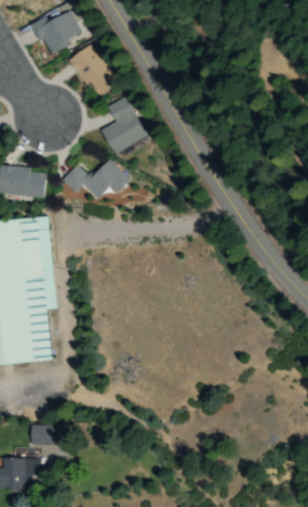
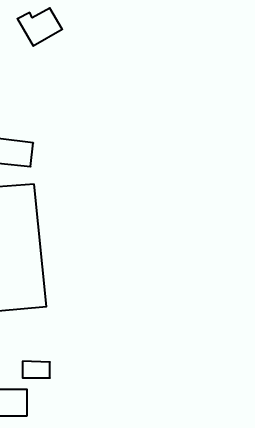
building: [64,44,112,97] -> none
building: [98,94,143,151] -> none
building: [61,159,128,198] -> none

